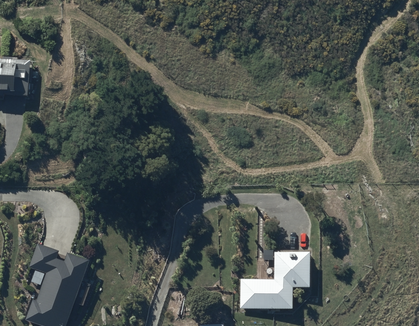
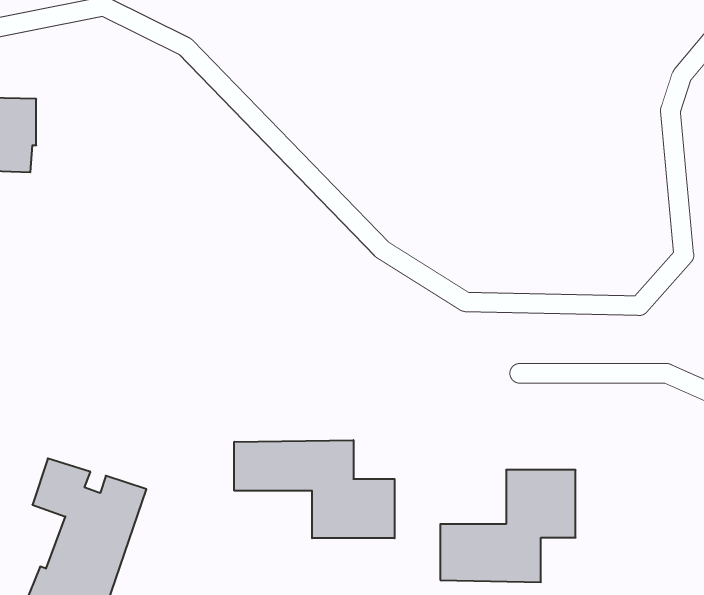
building: none -> [234,440,395,538]

